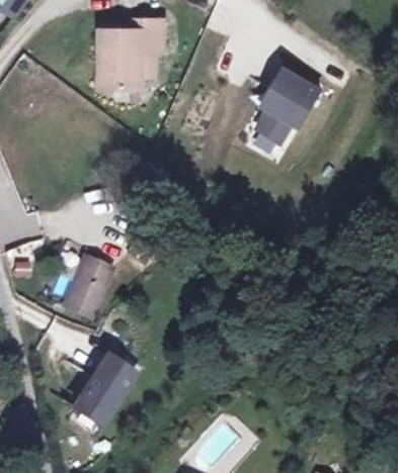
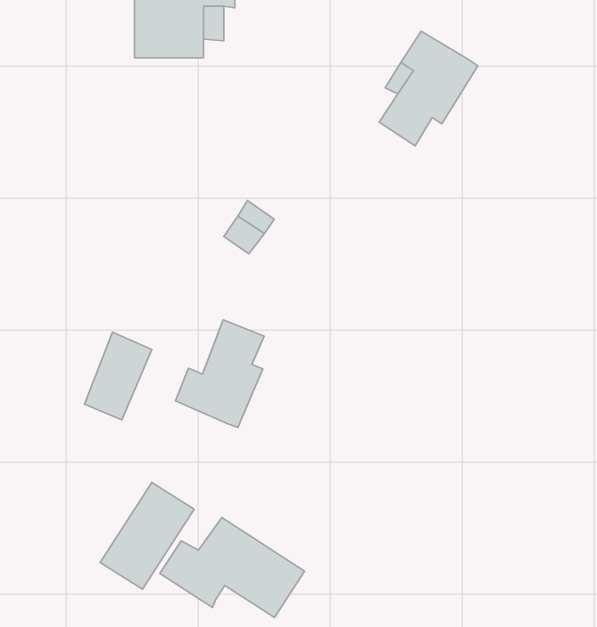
building: none -> [175,320,264,428]
building: none -> [160,517,305,618]

